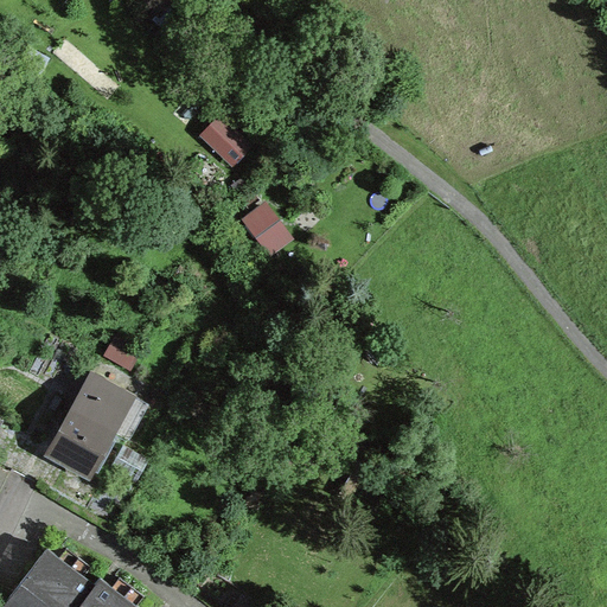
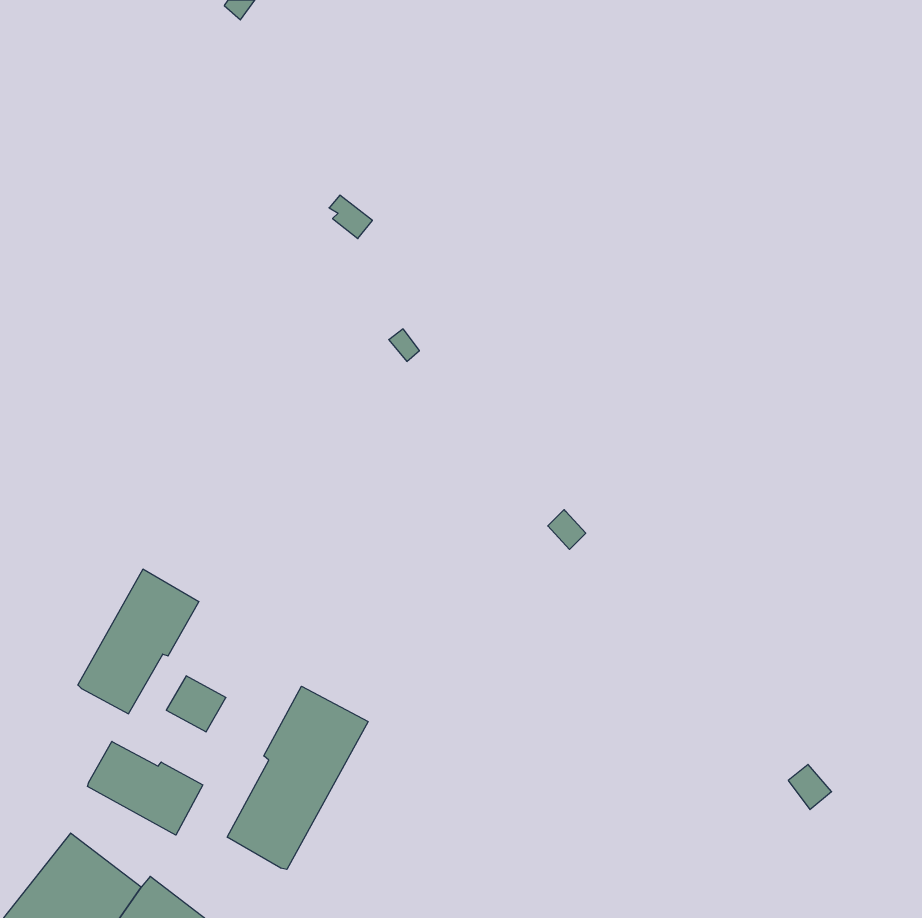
building: none -> [227,686,368,869]
building: none -> [88,741,203,835]

